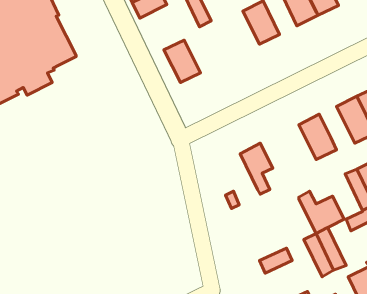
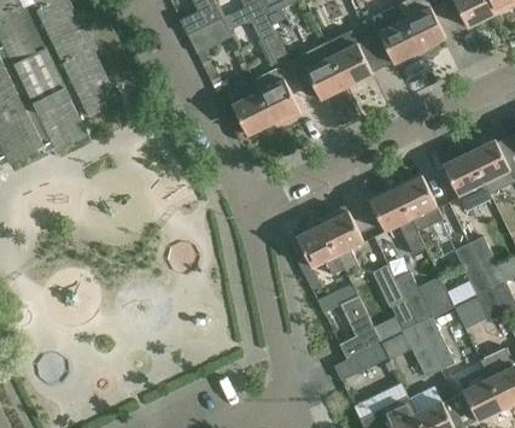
building: none -> [300,45,346,99]
building: none -> [252,68,299,122]
building: none -> [369,187,425,254]
building: none -> [297,223,344,274]
building: none -> [370,264,417,330]
building: none -> [339,294,380,357]

